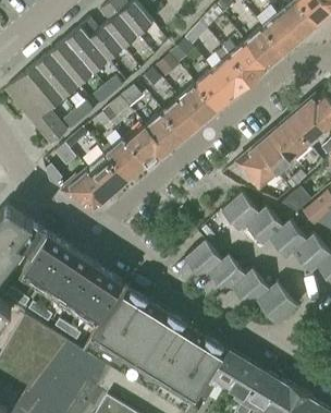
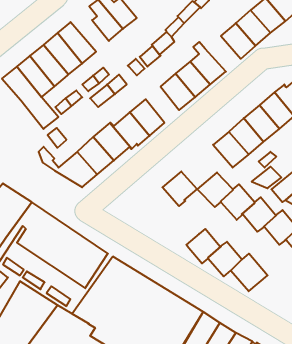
building: [81,21,123,61] -> none
building: [221,42,268,83] -> none
building: [163,99,200,139] -> none
building: [184,242,222,280] -> [162,171,197,206]

